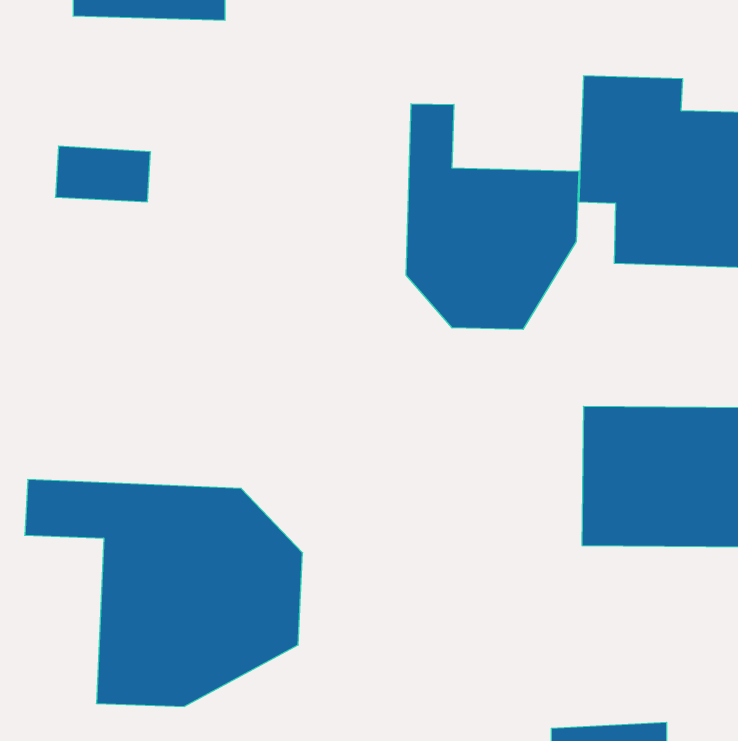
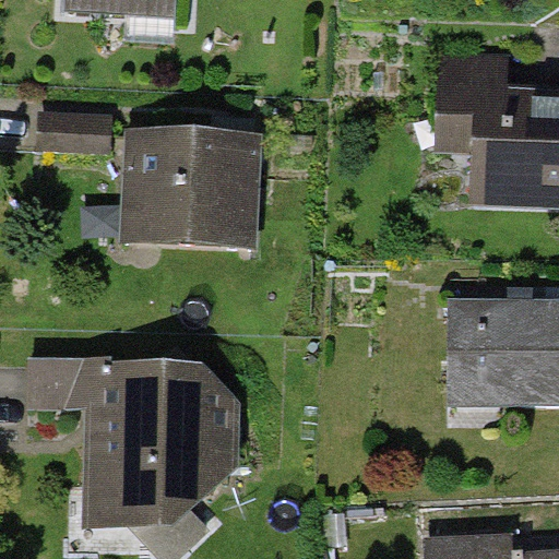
building: [406,104,579,329] -> none
building: none -> [135,129,265,243]

